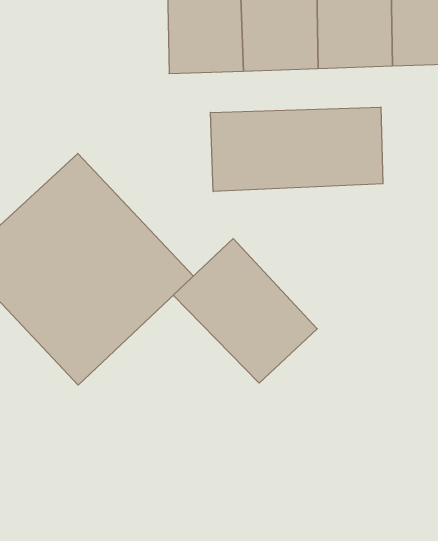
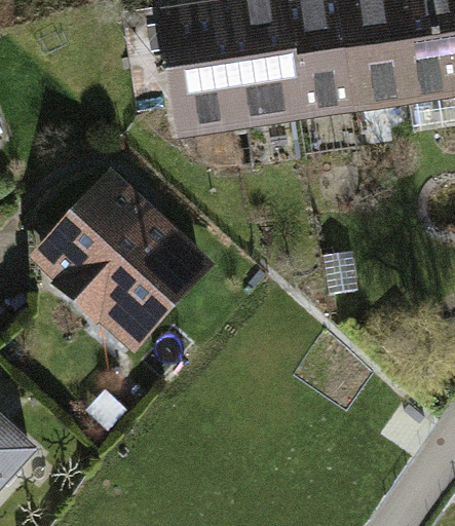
building: [210,107,383,192] -> none
building: [173,239,317,383] -> none

